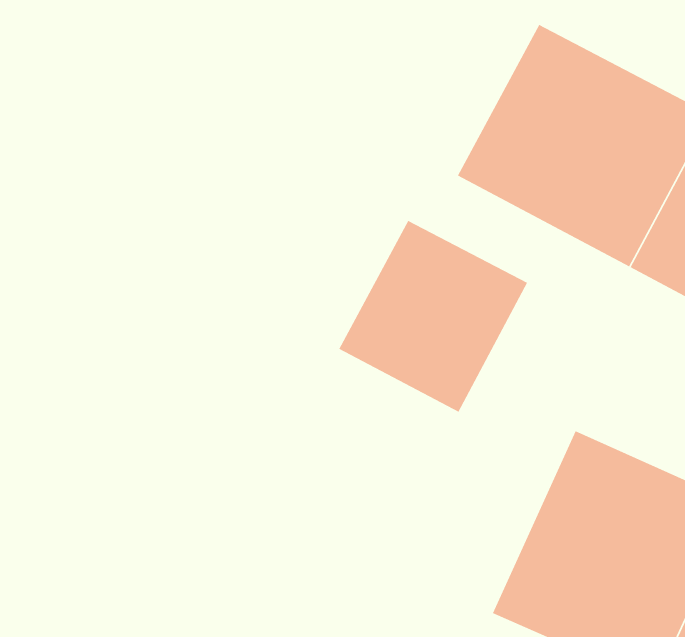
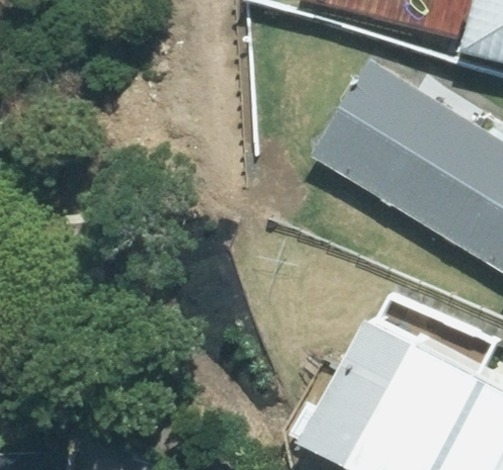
building: [338,220,528,413] -> none

